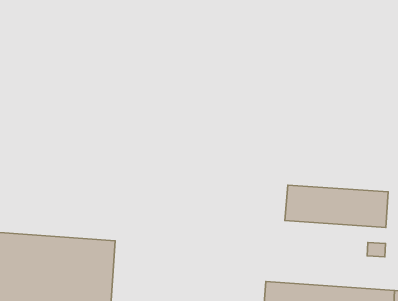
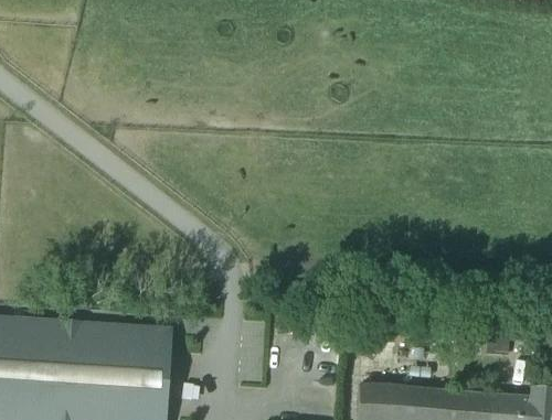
building: [285,185,388,227] -> none

